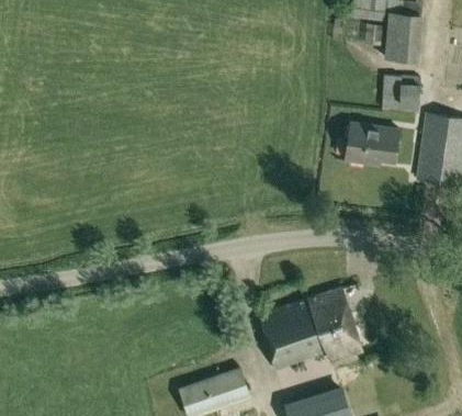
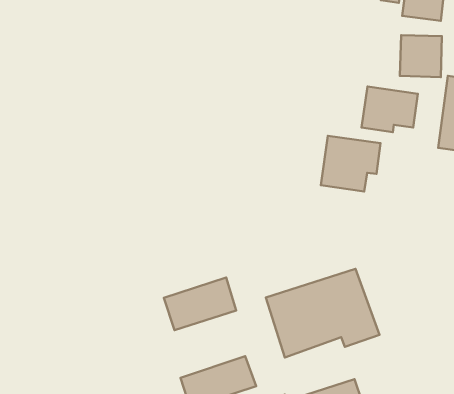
building: none -> [321,136,380,191]
building: none -> [164,278,236,330]

